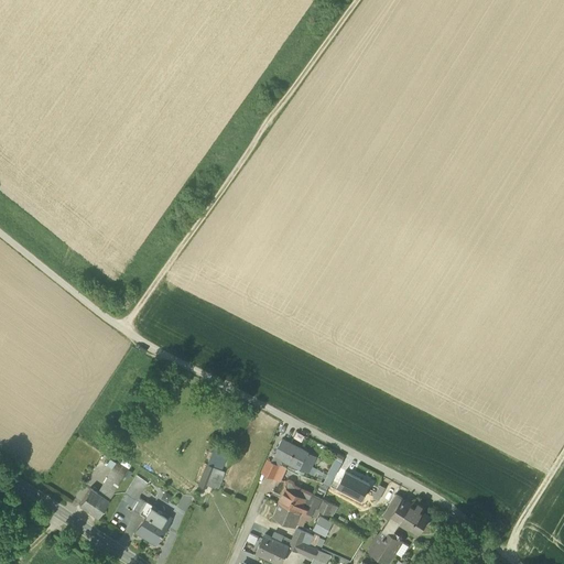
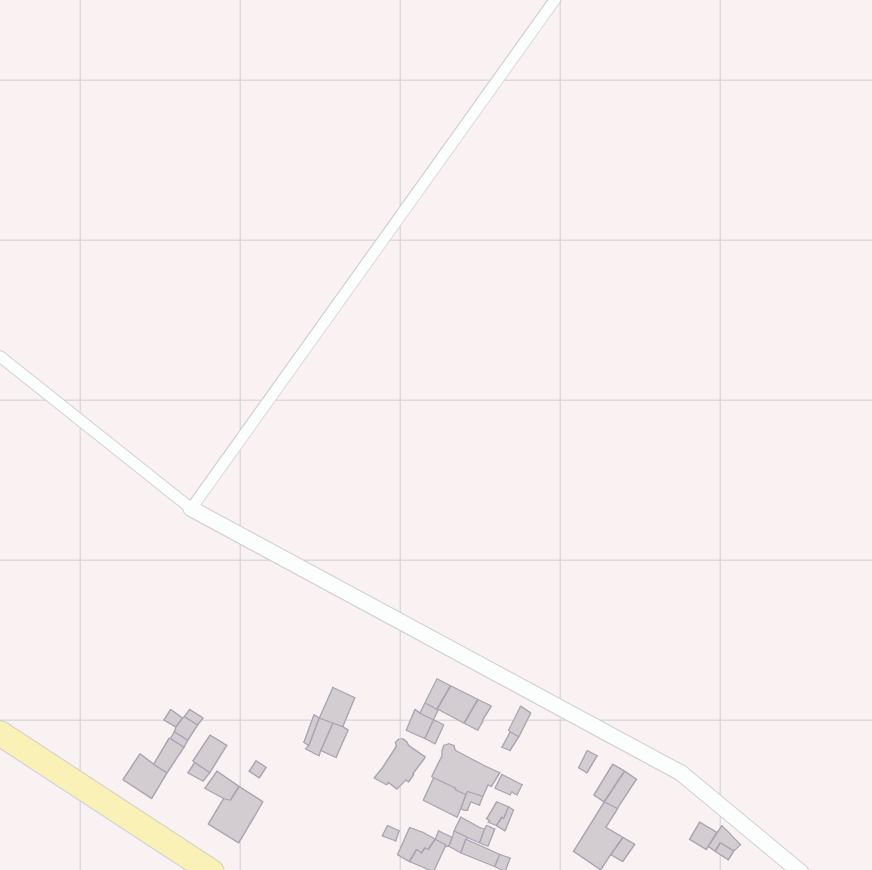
building: [337,471,370,500] -> none
building: none -> [374,739,425,789]
building: [400,502,430,533] -> none

